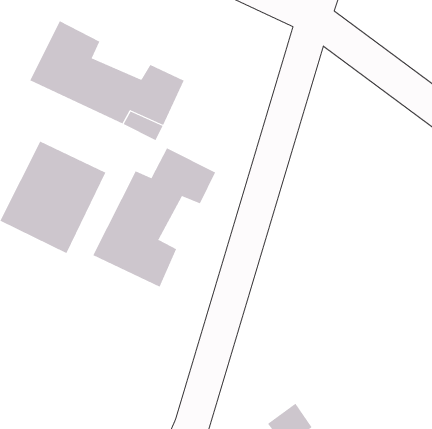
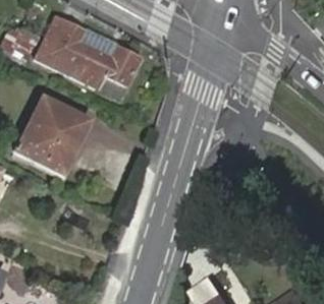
building: [92,148,216,287] -> none

